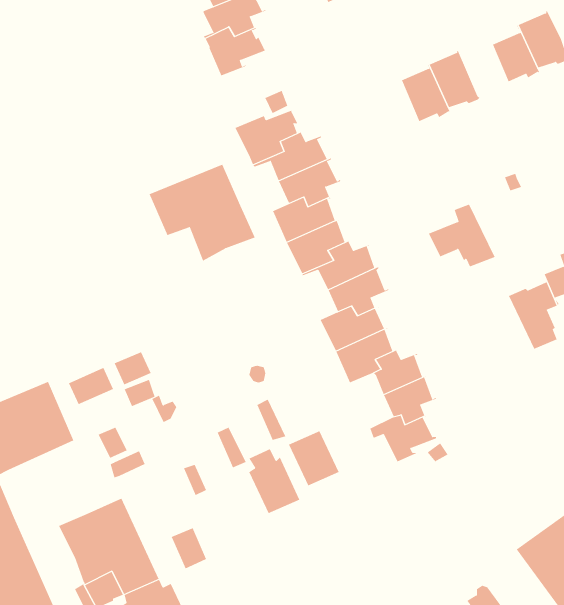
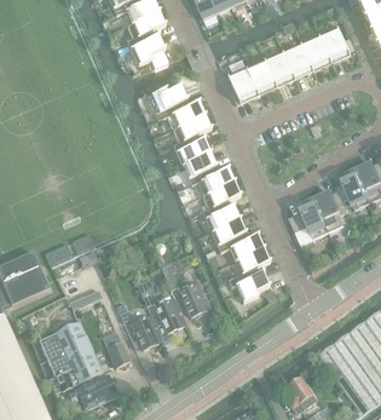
building: none -> [282,40,313,76]
building: none -> [226,64,259,103]
building: [149,164,255,262] -> none
building: [428,204,495,267] -> [287,199,328,237]
building: none -> [131,313,161,347]

